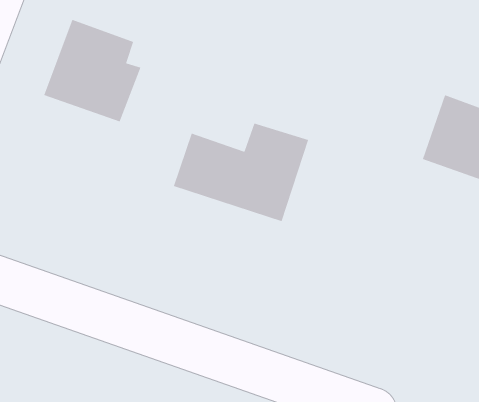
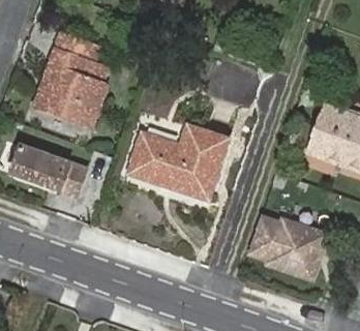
building: none -> [10,144,86,195]
building: none -> [246,214,331,284]

